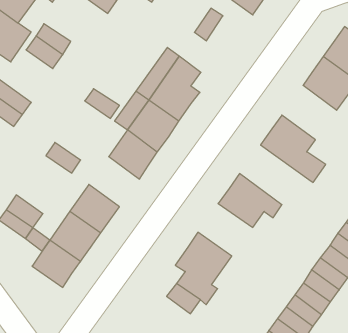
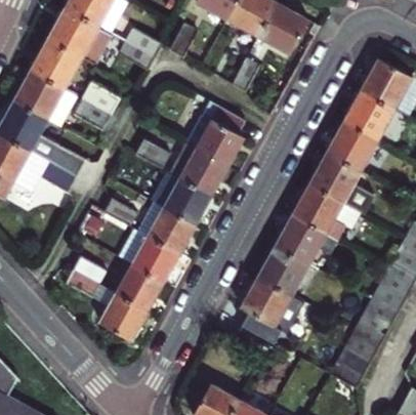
building: none -> [326,121,378,172]
building: none -> [291,182,361,238]
building: none -> [135,203,196,256]
building: none -> [257,243,309,292]

